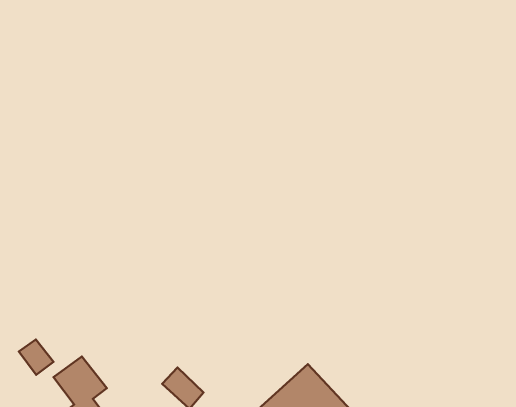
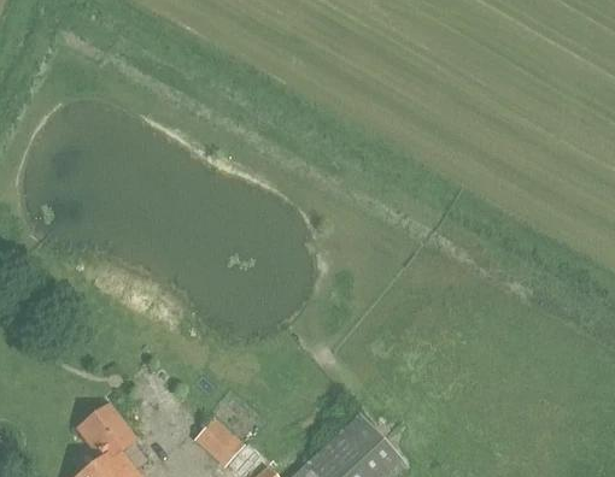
building: [19,339,53,375] -> none

